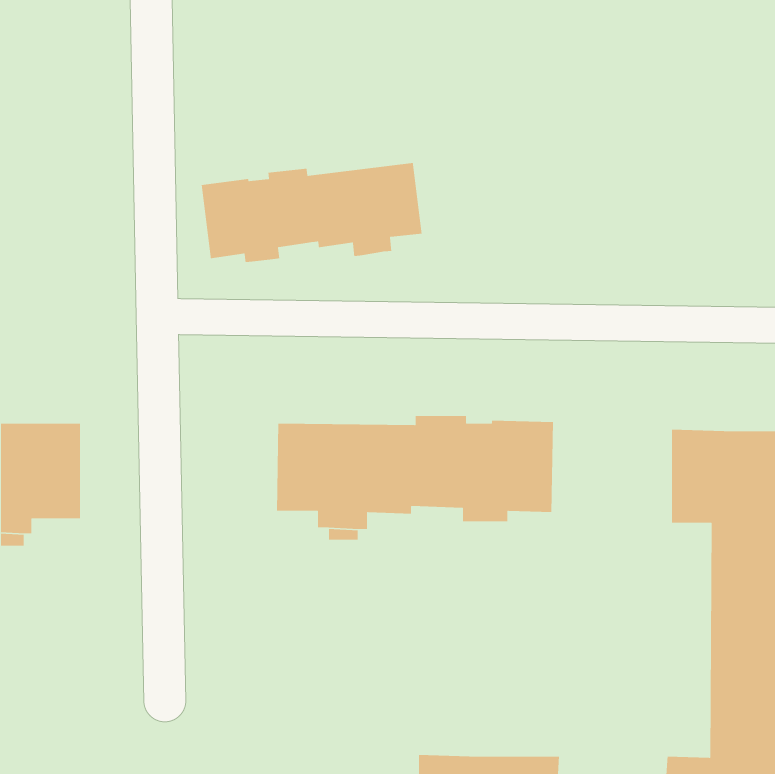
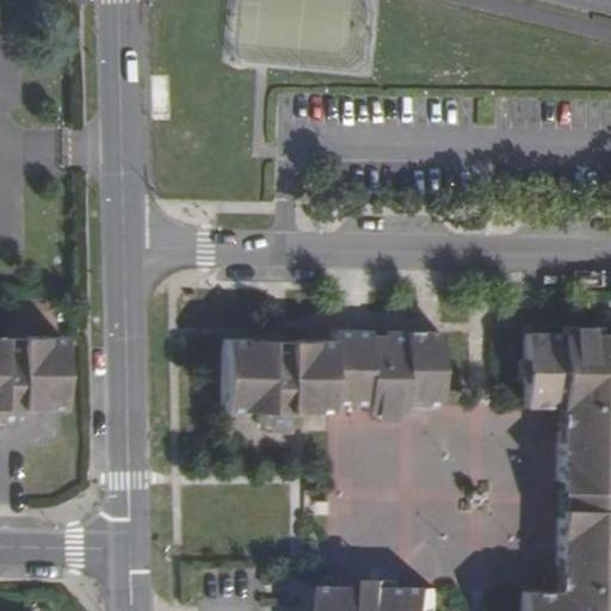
building: [201,162,422,263] -> none

